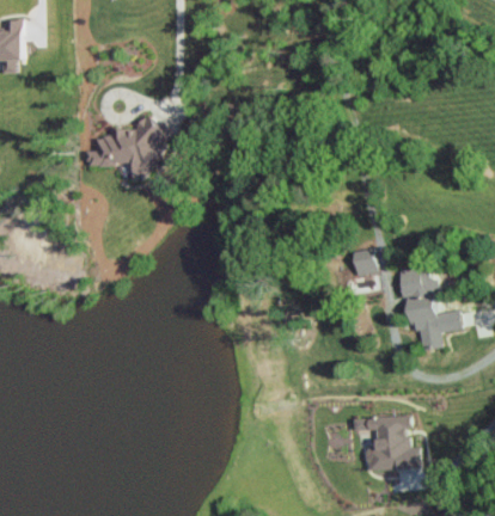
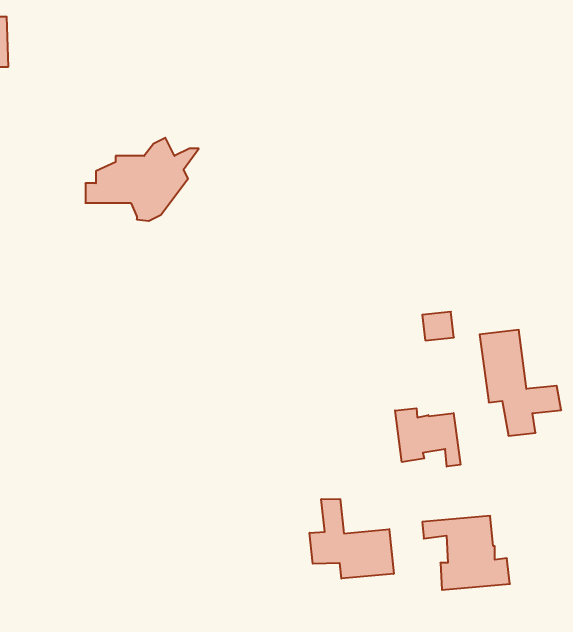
building: none -> [395,408,460,467]
building: none -> [310,499,394,579]

